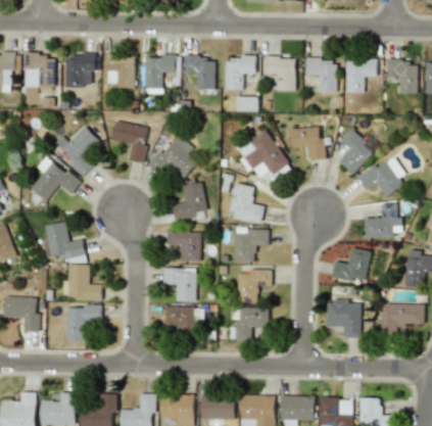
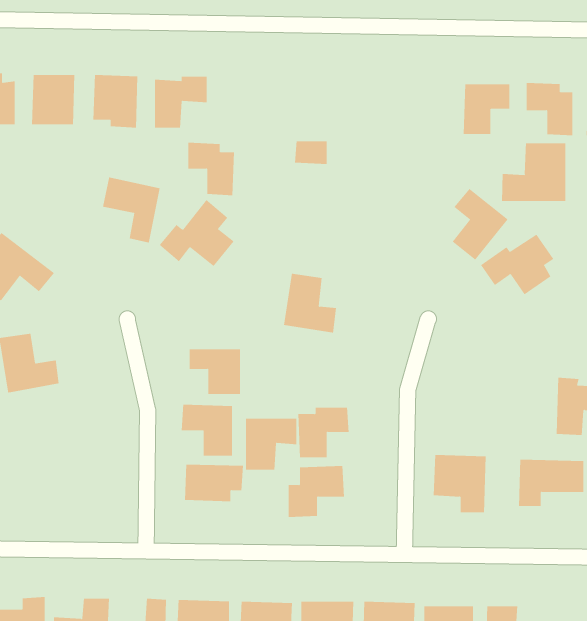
building: [185,55,215,90] -> [188,142,235,196]
building: [226,57,255,90] -> none
building: [262,57,295,91] -> none
building: [306,59,336,93] -> none
building: none -> [501,142,566,202]
building: [53,126,99,176] -> none
building: [290,128,325,160] -> none
building: [239,131,287,179] -> none
building: [173,182,207,221] -> none
building: [364,203,401,238] -> none
building: [235,229,269,263] -> [245,418,297,470]
building: [331,247,370,282] -> none
building: [66,265,102,300] -> none
building: [65,304,101,341] -> none

